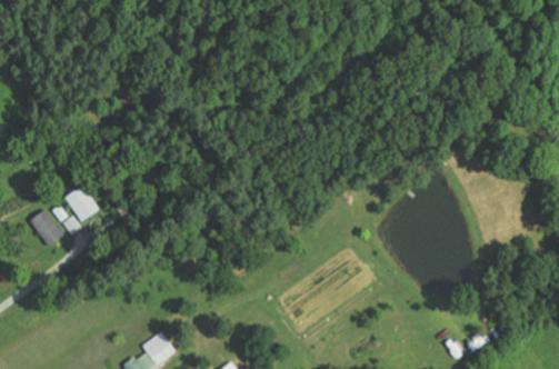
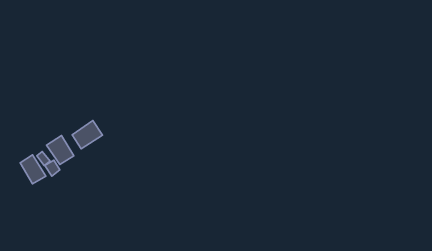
building: none -> [72,120,102,149]

